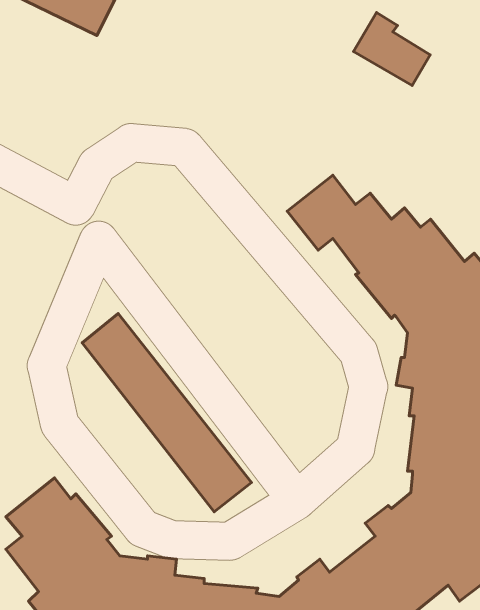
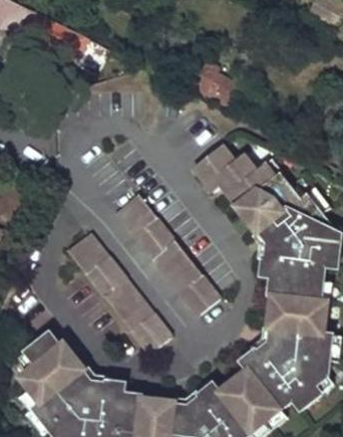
building: [354,12,430,86] -> [191,58,238,103]
building: none -> [114,193,219,314]

